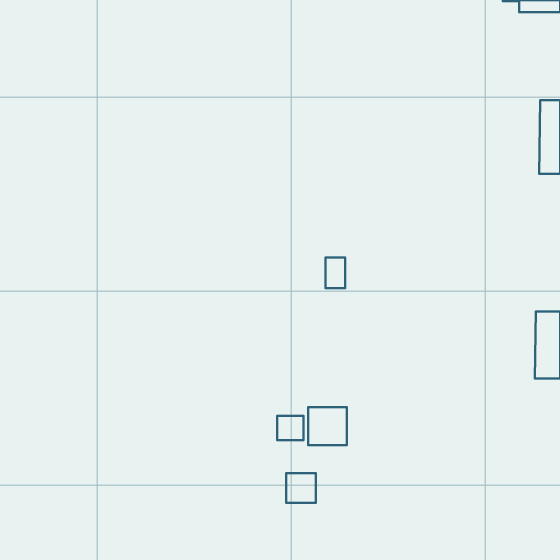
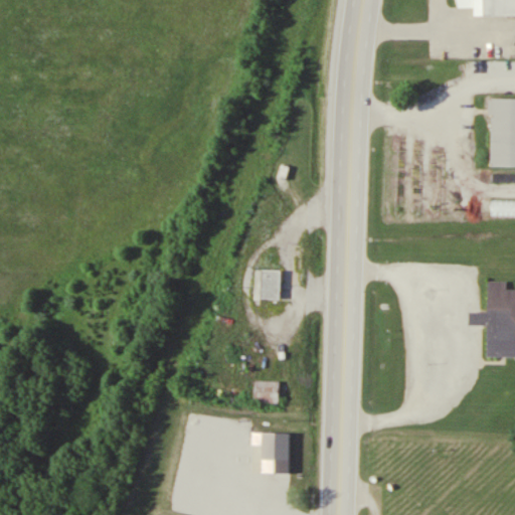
building: [325,258,345,288] -> [262,273,280,301]
building: [308,407,347,445] -> none

